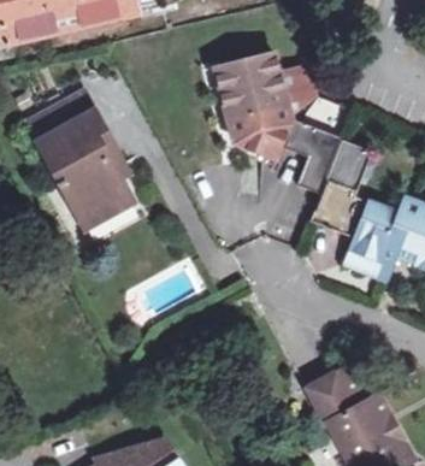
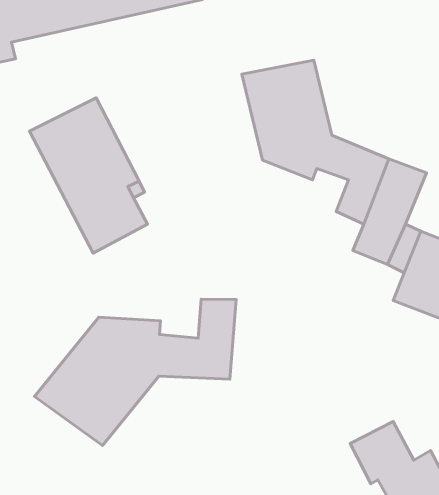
building: [279,70,315,119] -> none
building: none -> [34,299,236,446]

